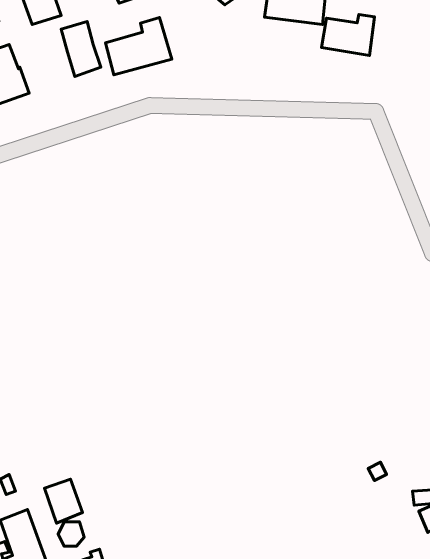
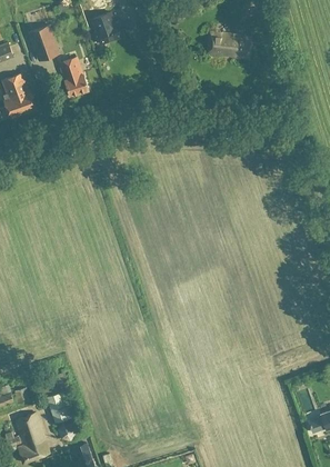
building: [321,15,375,55] -> none
building: [106,17,172,75] -> none

